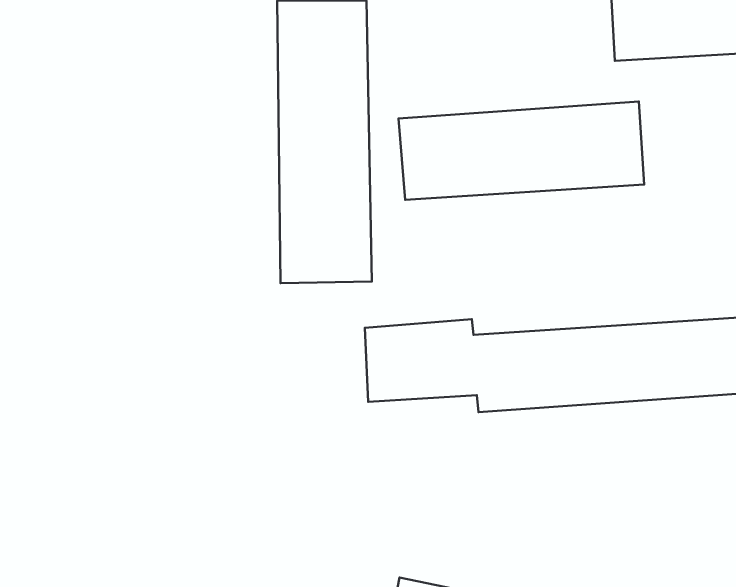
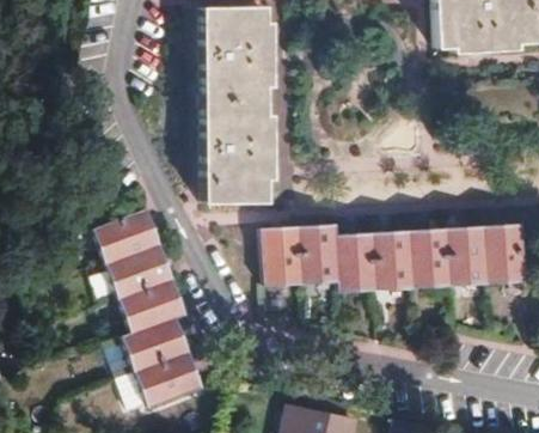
building: [398,101,644,200] -> none
building: none -> [96,208,203,407]

